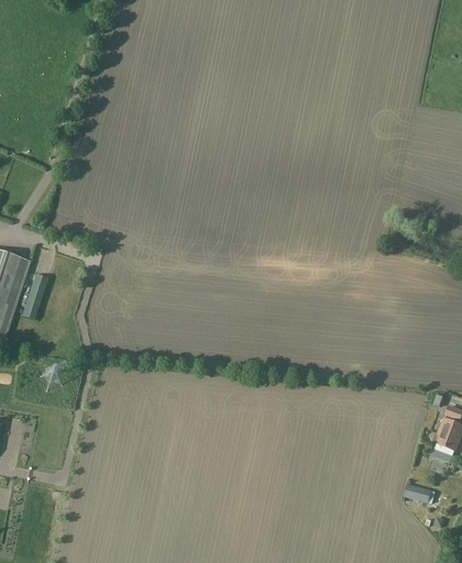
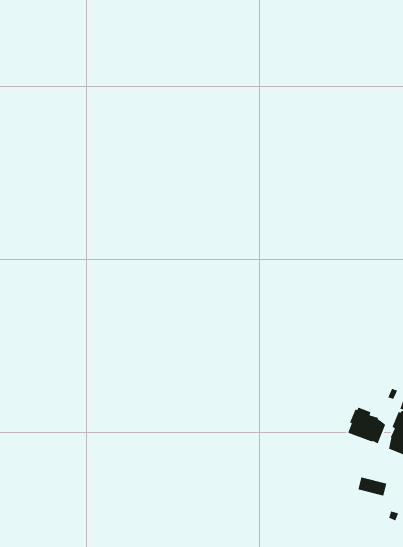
building: none -> [347,406,386,444]

